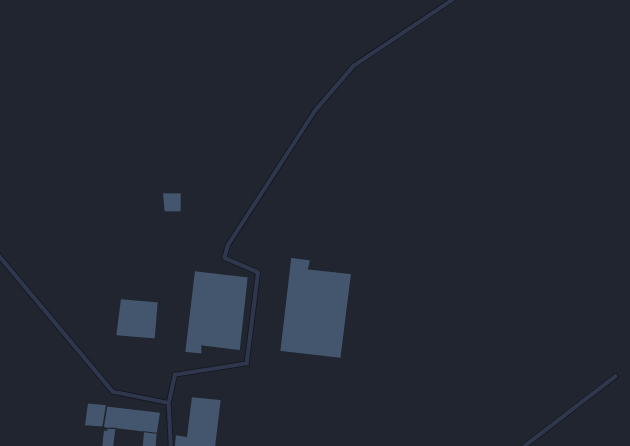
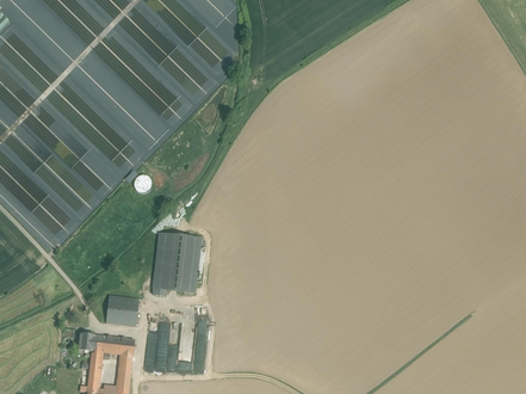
building: [280,257,352,359] -> none
building: [116,299,159,339] -> [106,295,138,325]

